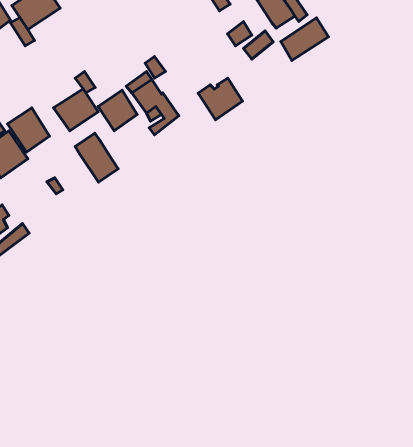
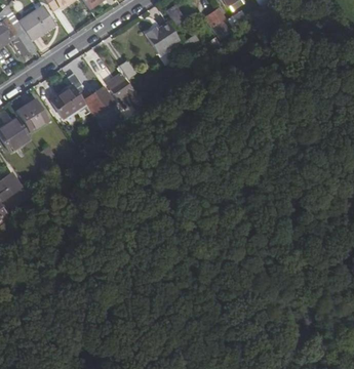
building: [281,18,329,60] -> none
building: [198,78,243,120] -> [146,22,180,53]
building: [75,133,118,182] -> none

